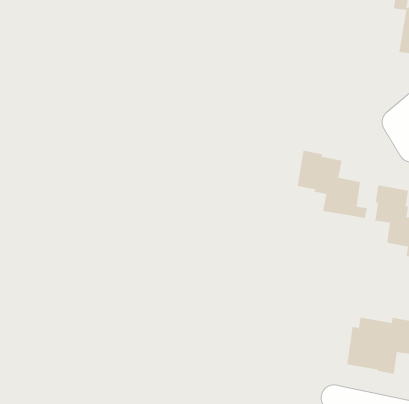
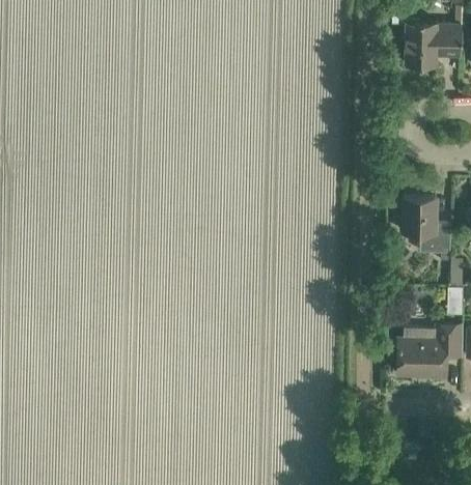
building: [297,150,367,219] -> none

